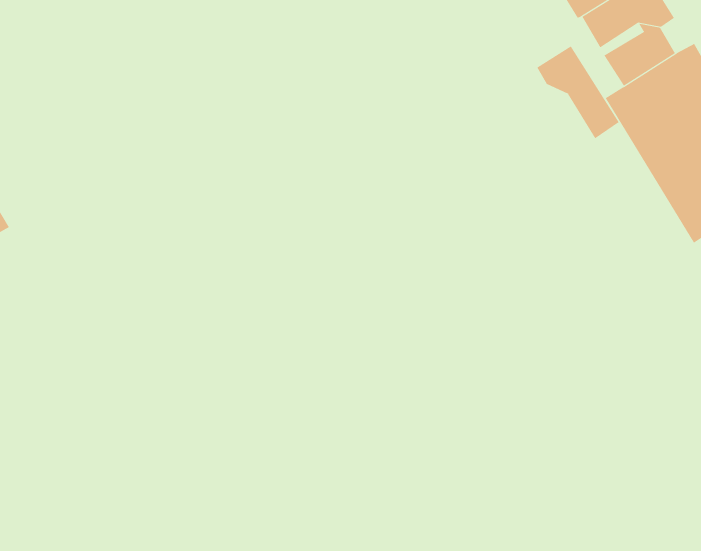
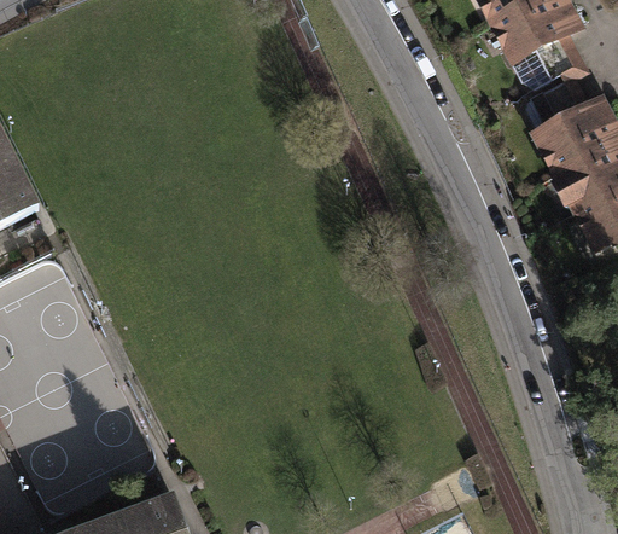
building: [536,45,620,139] -> none

